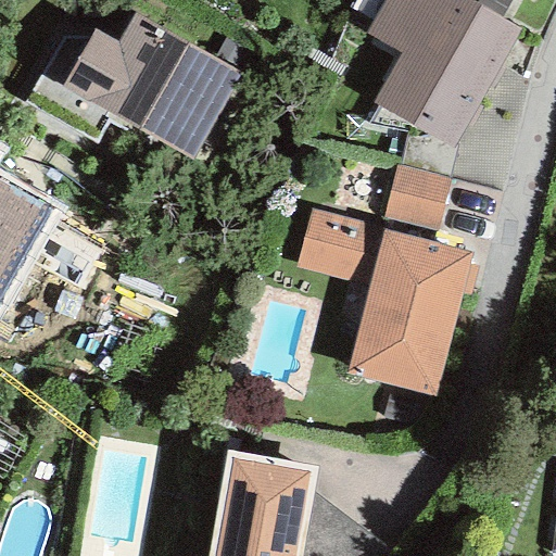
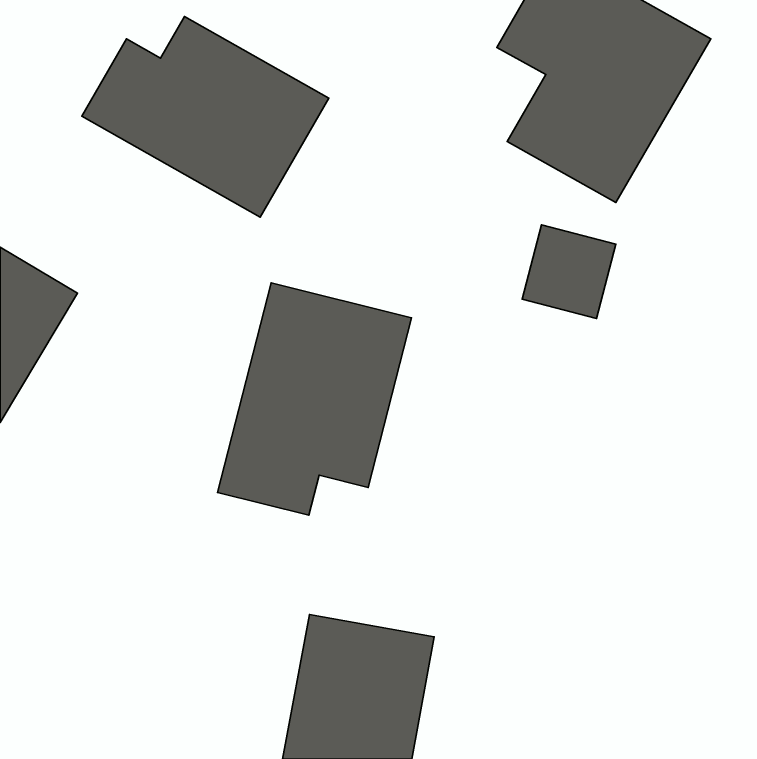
building: none -> [217,283,411,515]
building: [296,207,478,396] -> none

